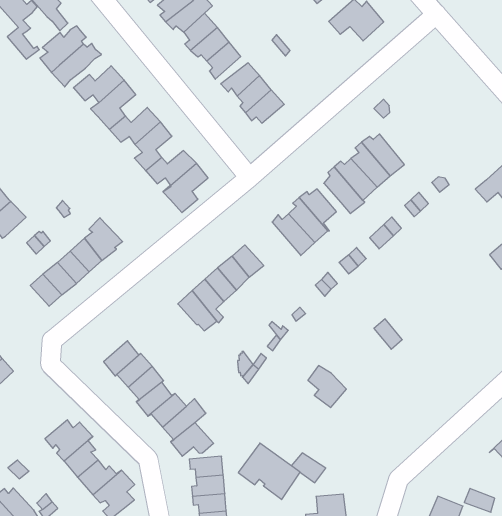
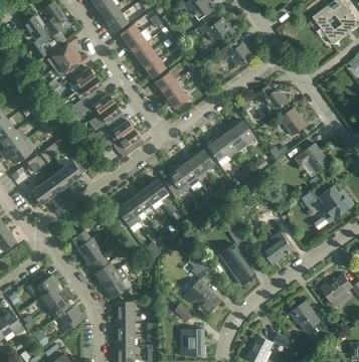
building: none -> [255,85,289,108]
building: none -> [280,109,307,136]
building: none -> [163,167,190,198]
building: none -> [262,231,293,264]
building: none -> [219,244,255,286]
building: [238,443,300,500] -> [184,281,220,315]

